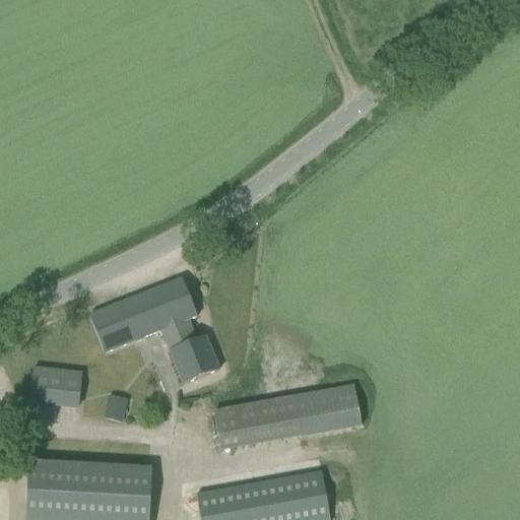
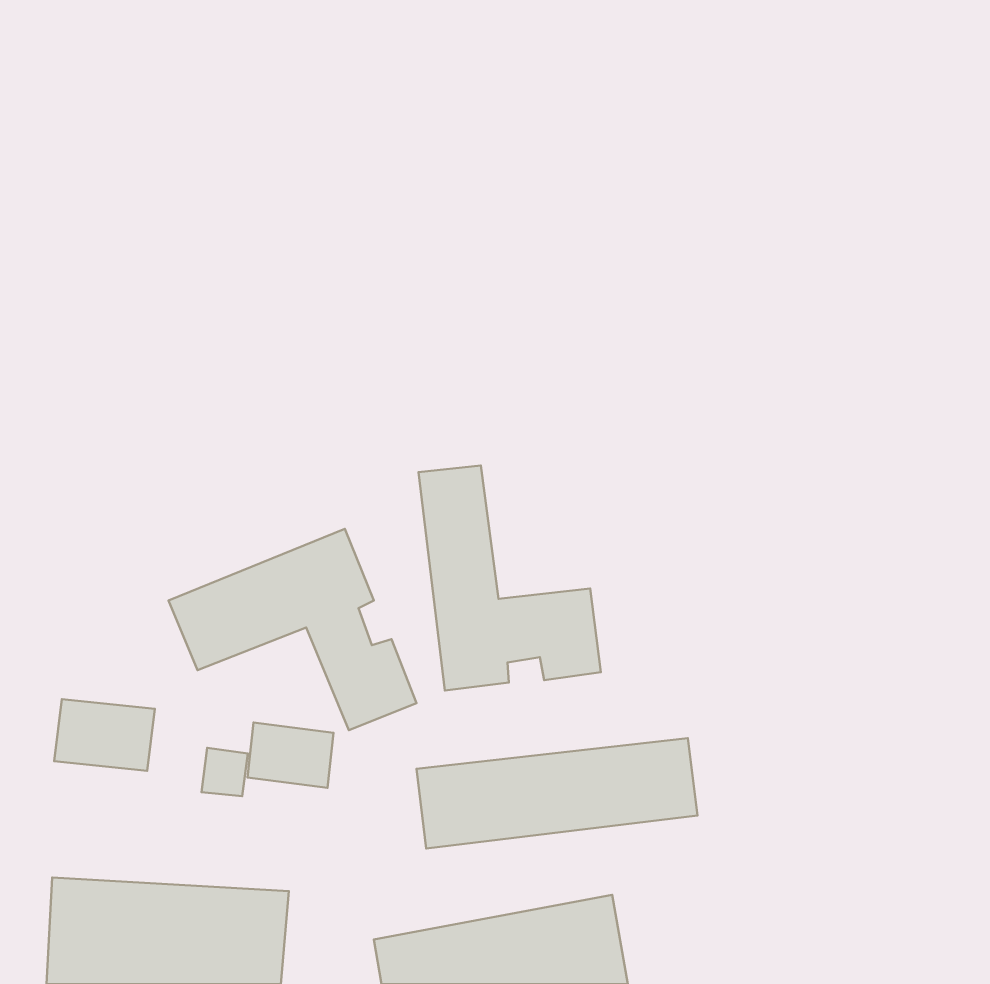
building: none -> [418,465,601,690]
building: none -> [247,723,334,788]

